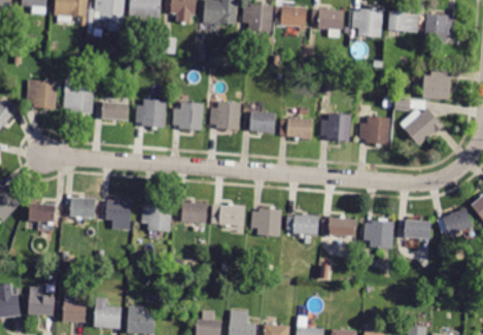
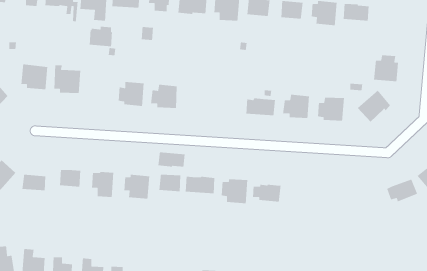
building: [424,13,455,42] -> none
building: [102,97,129,121] -> [89,26,113,47]
building: [210,101,240,130] -> none
building: [249,111,276,133] -> none
building: none -> [158,152,186,167]
building: [321,217,355,236] -> none
building: [404,220,430,239] -> none
building: [364,221,394,248] -> none

